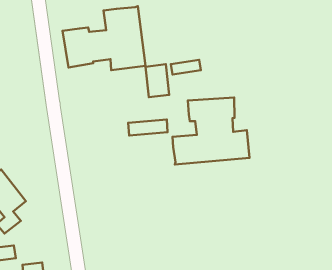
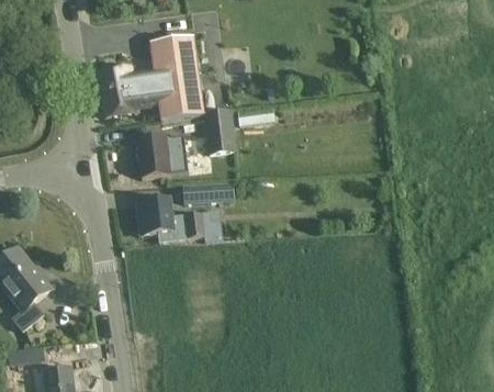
building: none -> [136,132,184,176]
building: [172,98,250,164] -> none
building: none -> [144,197,203,239]

